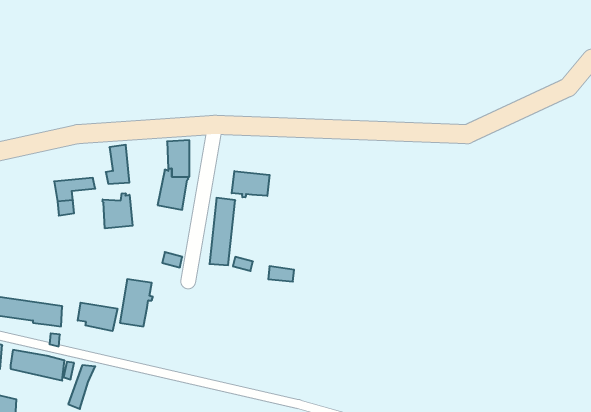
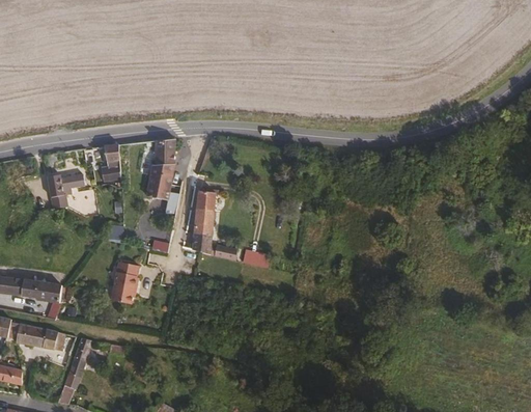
building: [232,171,270,197] -> none
building: [102,193,133,228] -> none
building: [78,303,117,331] -> none

